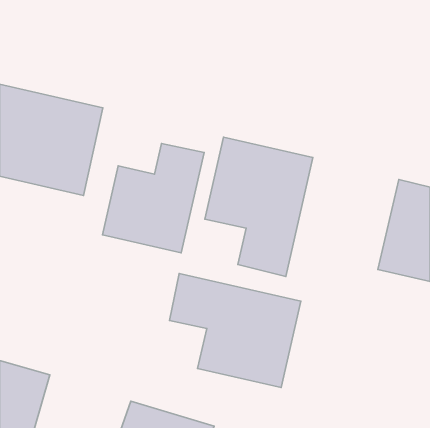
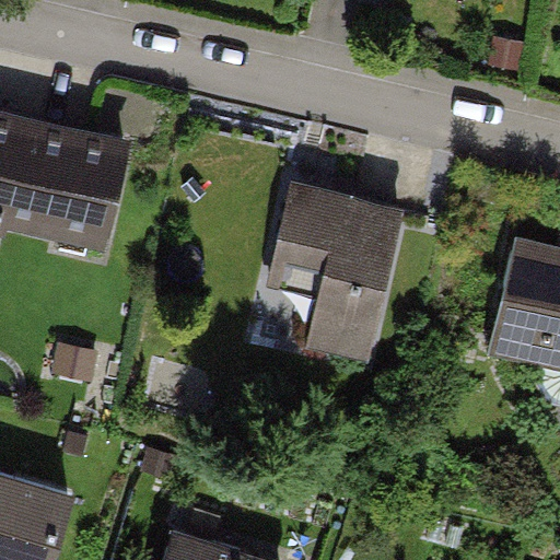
building: [103,144,204,253] -> none
building: [170,274,301,387] -> none

